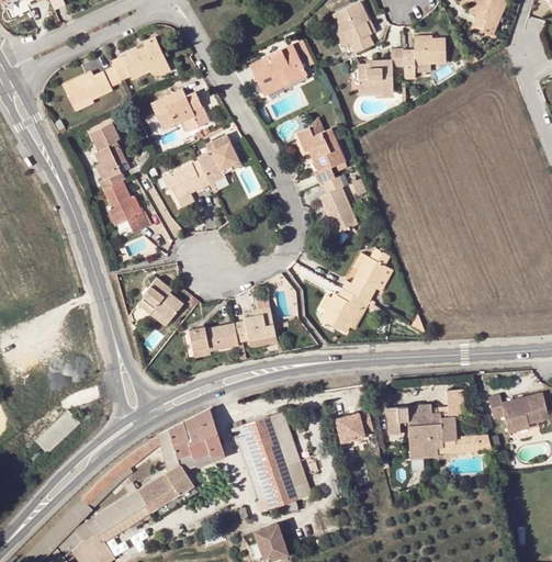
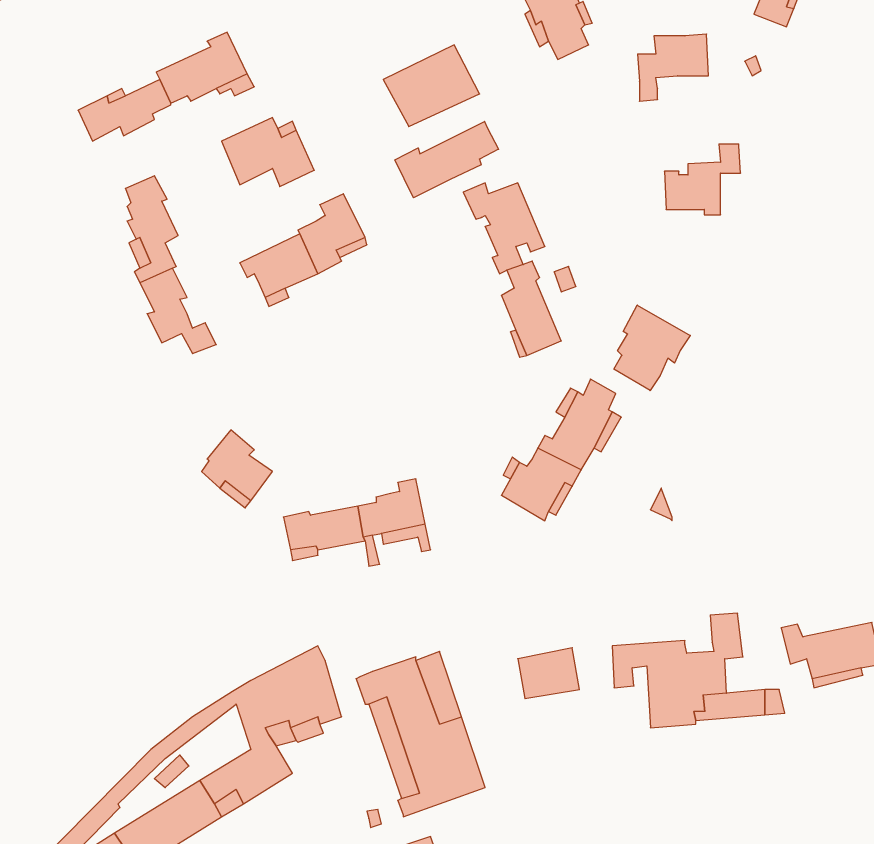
building: [358,49,404,92] -> [664,144,741,215]
building: none -> [395,121,499,198]
building: none -> [614,305,690,391]

